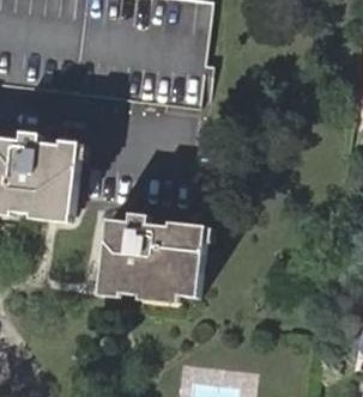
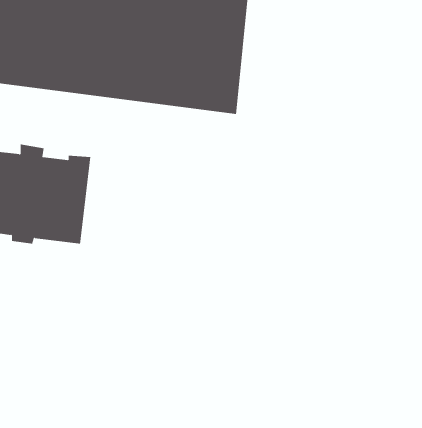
building: [104,215,208,298] -> none

